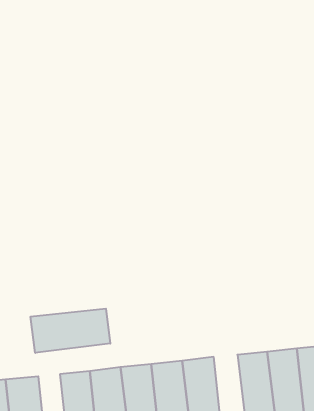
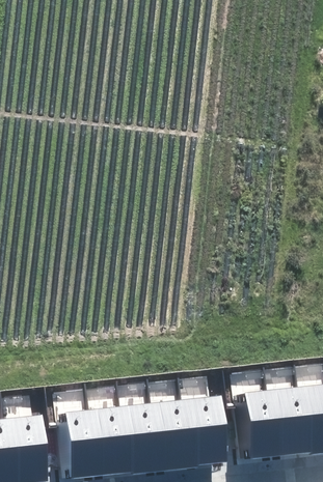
building: [31,309,110,353] -> none

